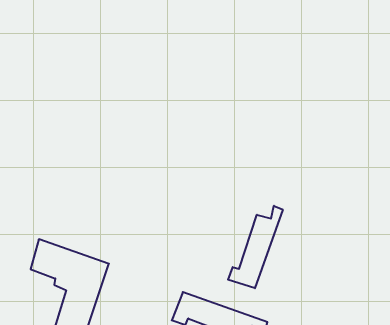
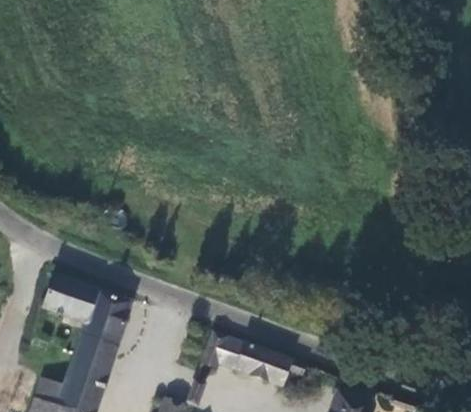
building: [228,206,283,288] -> none

